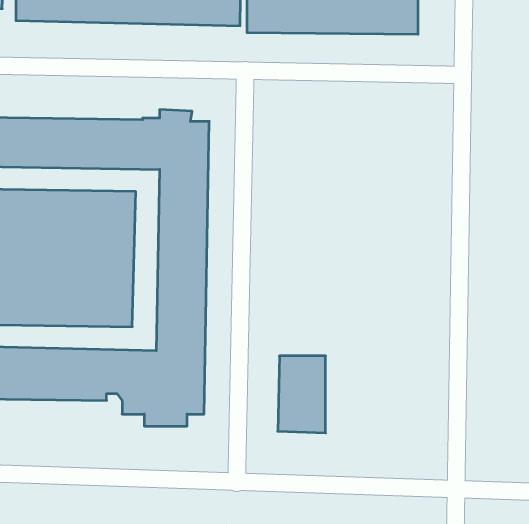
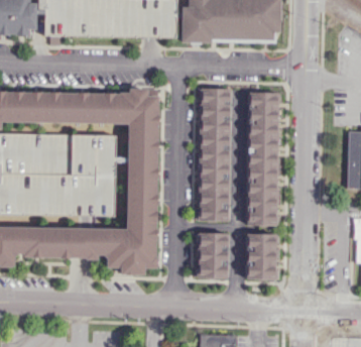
building: none -> [199,89,232,222]
building: none -> [246,92,280,226]
building: none -> [247,235,275,281]

